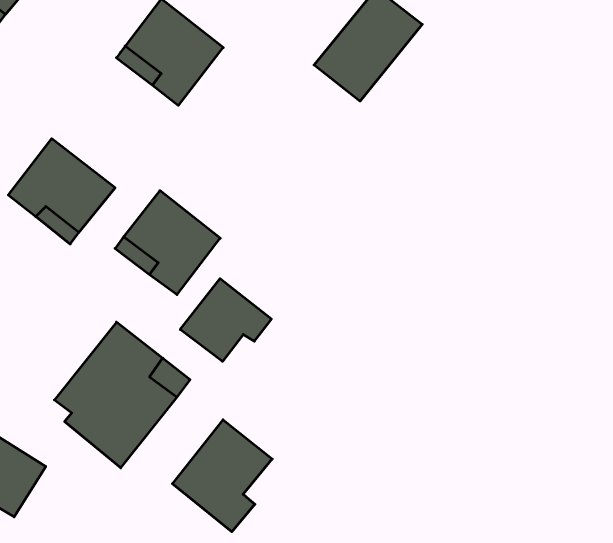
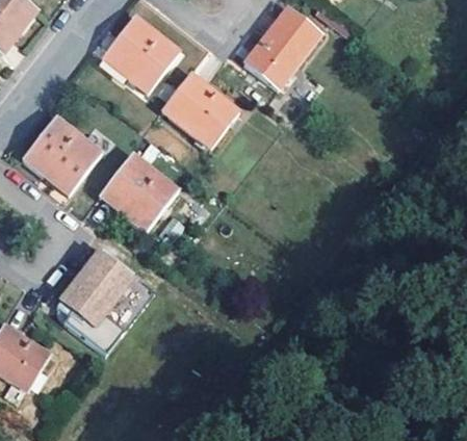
building: none -> [161,72,240,147]
building: [180,279,271,361] -> none
building: [172,420,272,532] -> none

